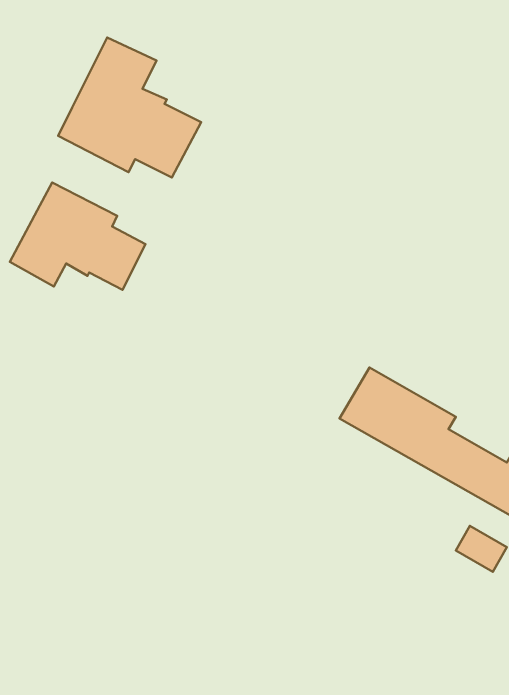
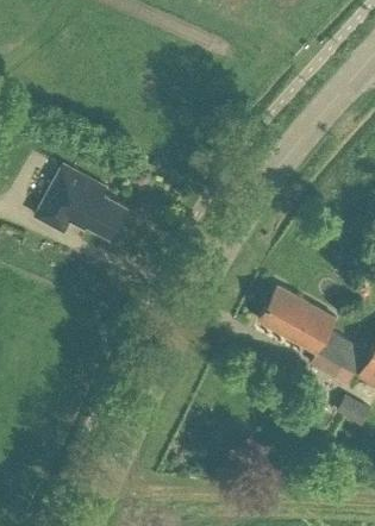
building: [58,38,201,178] -> none

